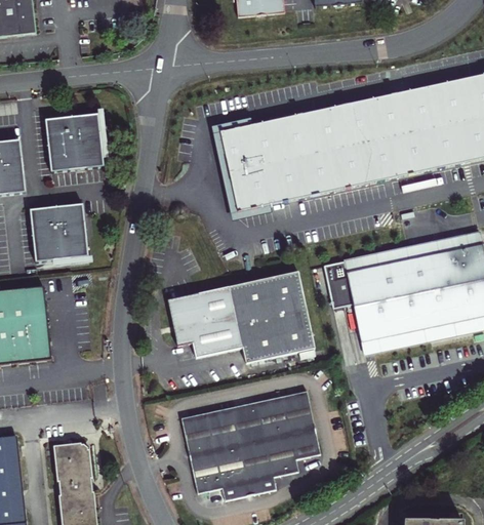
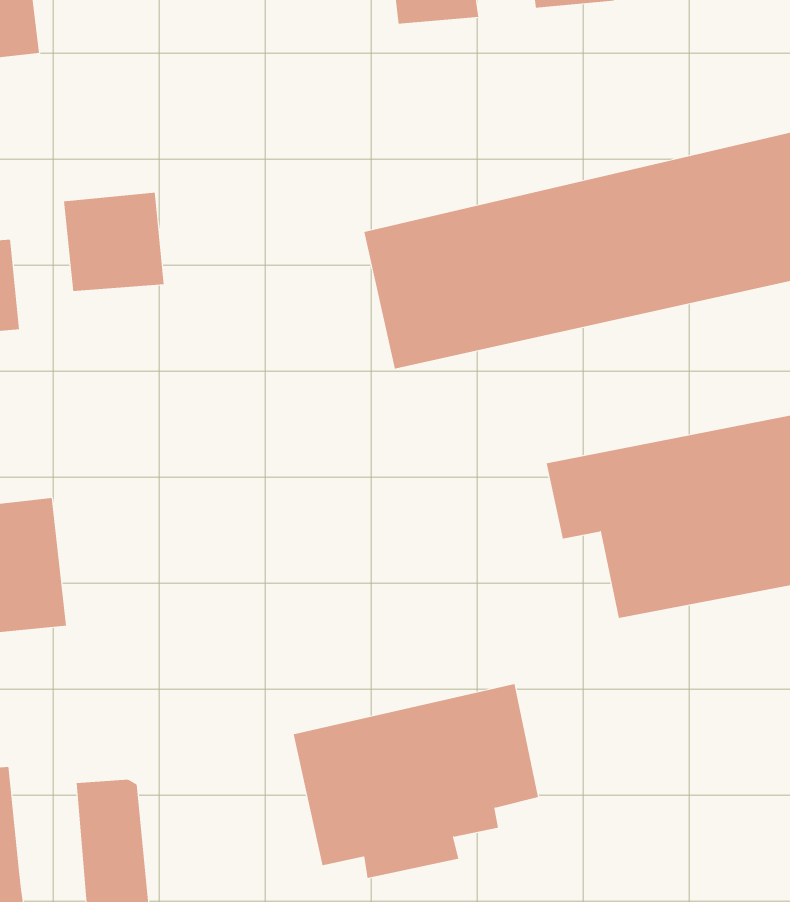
building: [32,202,89,259] -> none
building: [166,270,314,362] -> none

